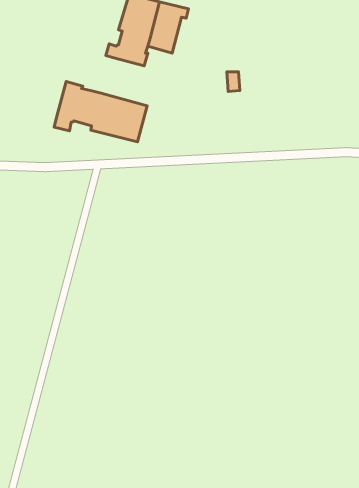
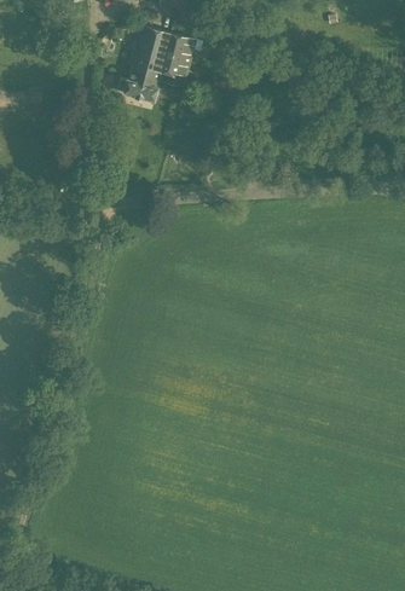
building: [54,82,147,142] -> none

